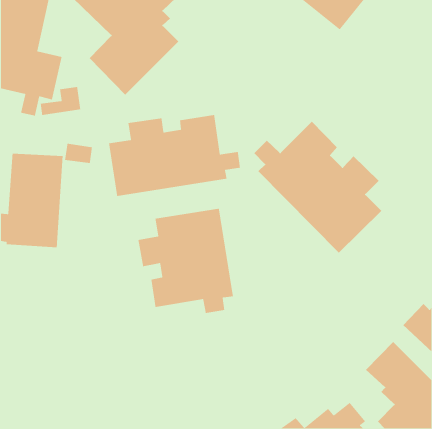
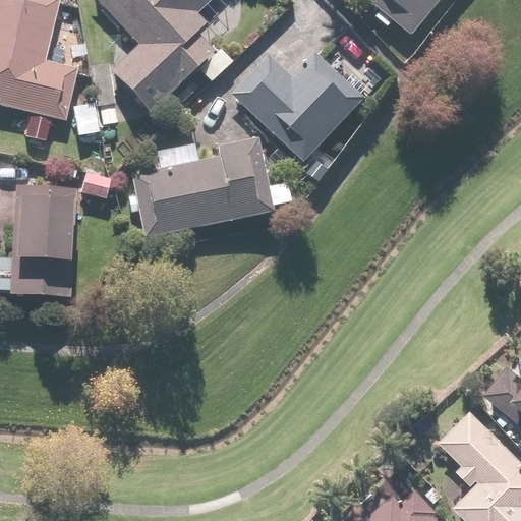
building: none -> [234,51,366,161]
building: [253,121,382,254] -> none
building: [137,208,234,314] -> none

